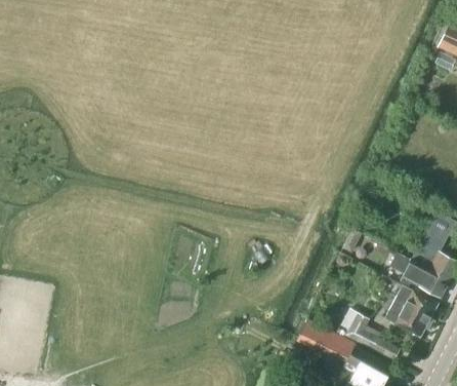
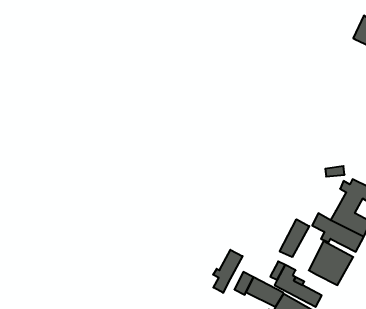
building: none -> [280,219,309,257]
building: none -> [213,250,243,293]

